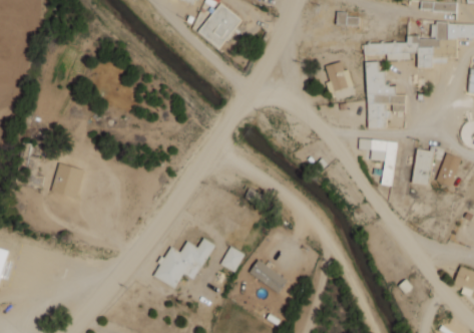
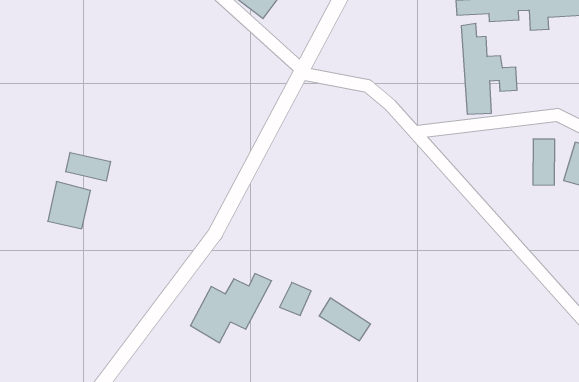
building: [326,60,349,92] -> none
building: [359,138,396,185] -> none
building: none -> [66,152,111,181]

